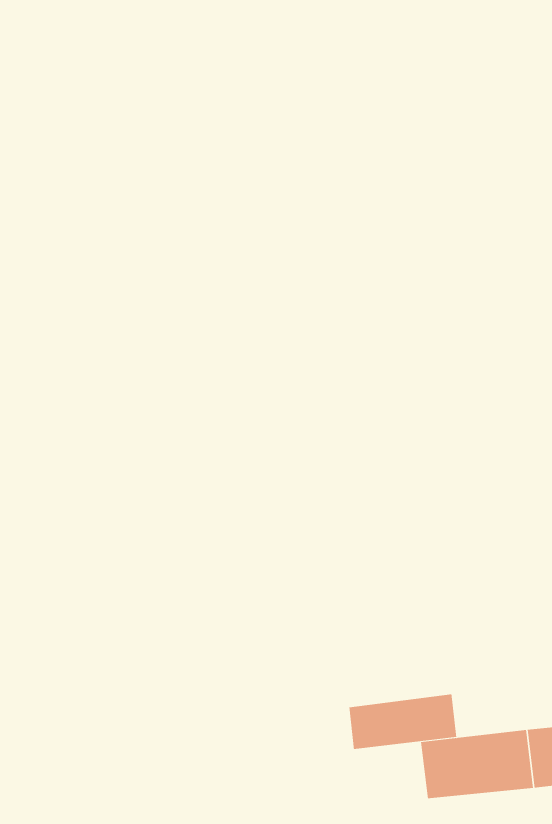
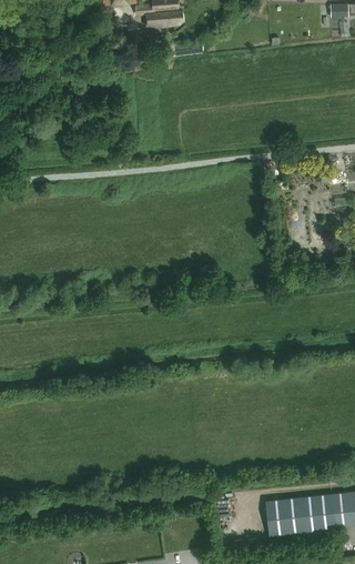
building: [349,693,457,750] -> none

